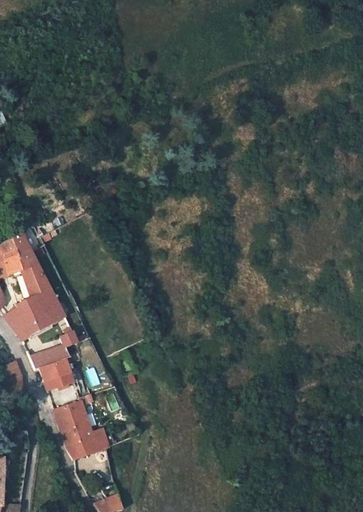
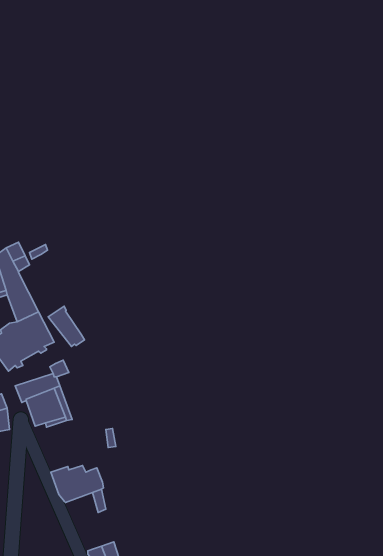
building: none -> [48,306,85,347]
building: [53,400,89,431] -> none

